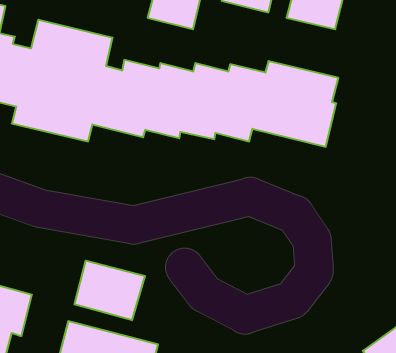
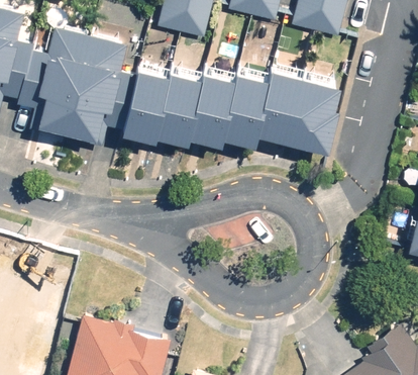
building: [75,261,145,320] -> none

